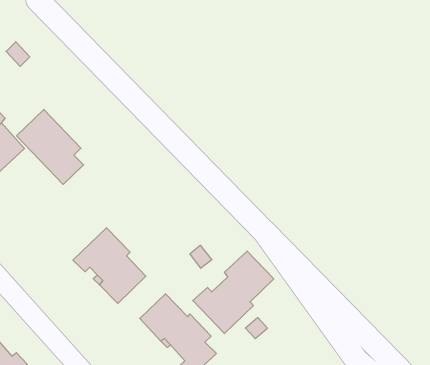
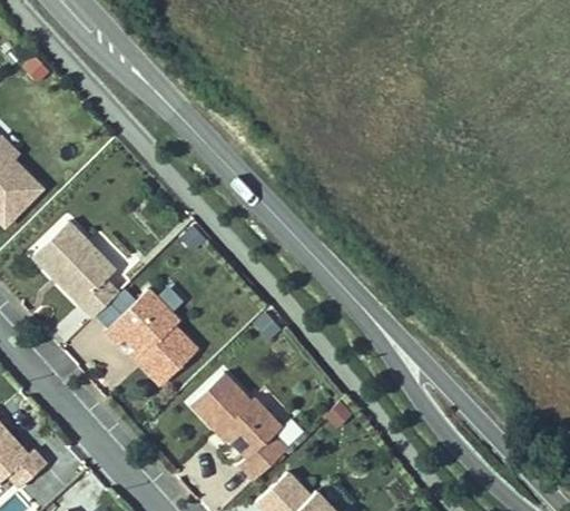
building: [17,109,84,184] -> [32,223,117,317]
building: [193,251,274,334] -> none

